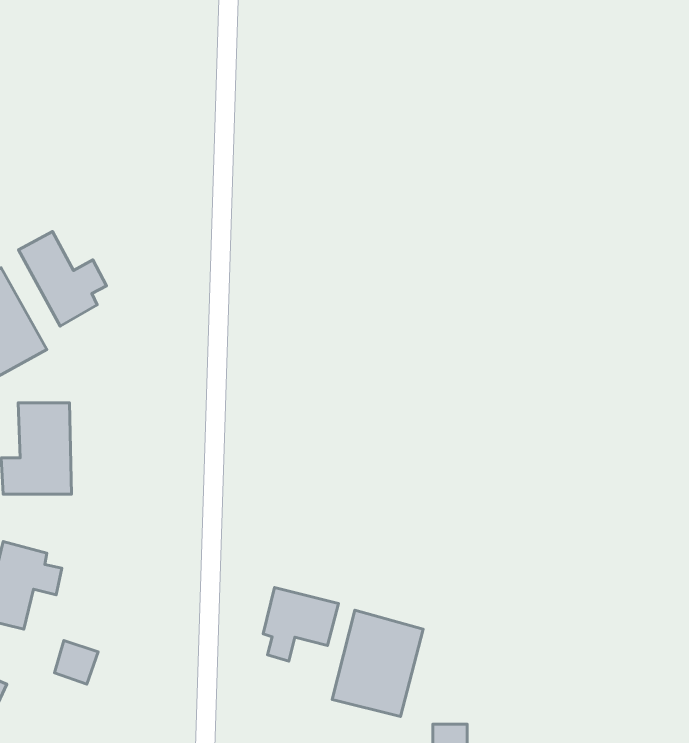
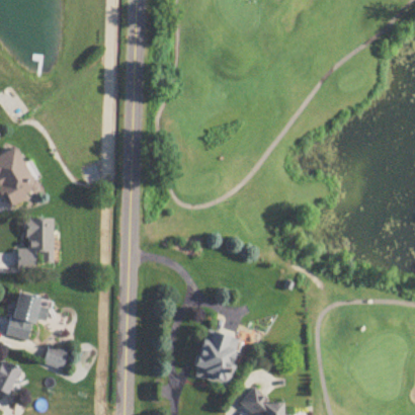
building: [18,231,107,326] -> none
building: [263,587,338,661] -> none

